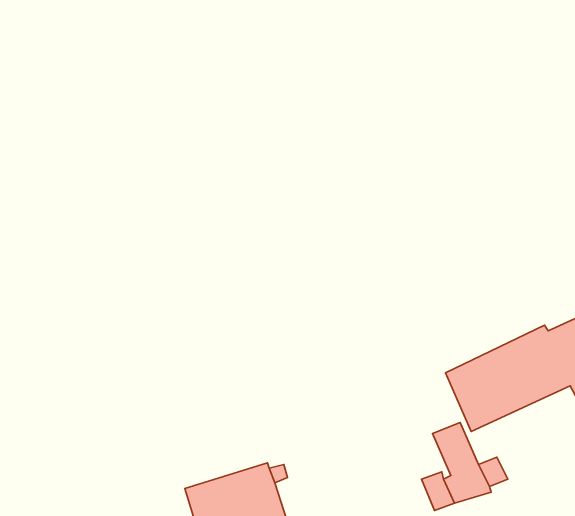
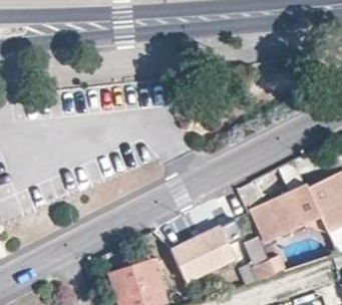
building: none -> [170,227,235,281]

